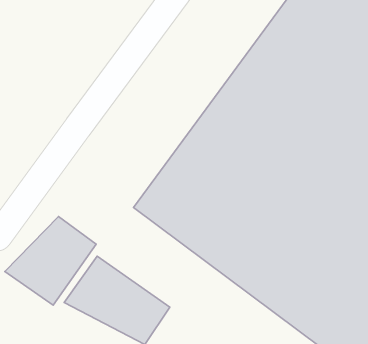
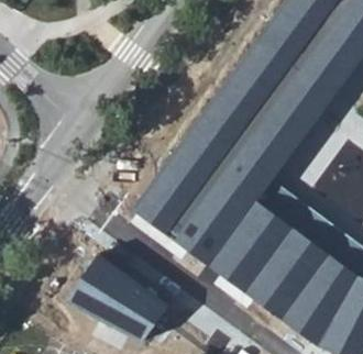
building: [5,217,96,305] -> none

